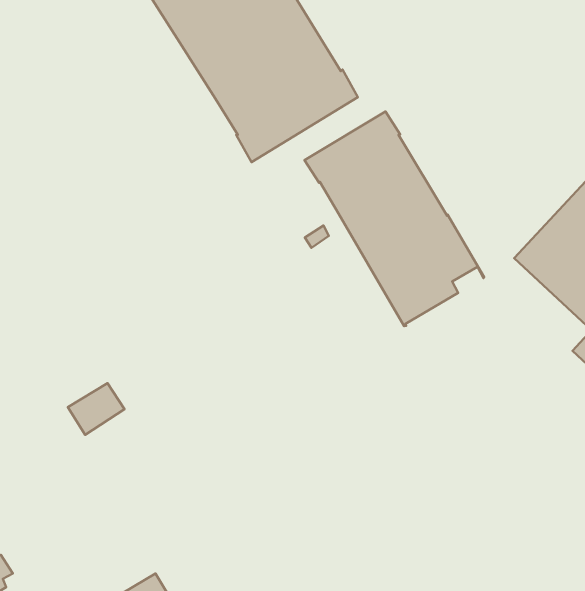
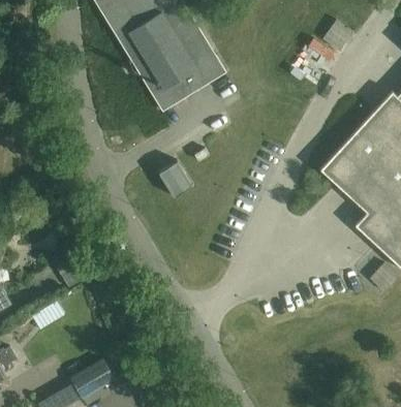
building: [304,111,484,326] -> none
building: none -> [157,161,192,198]

